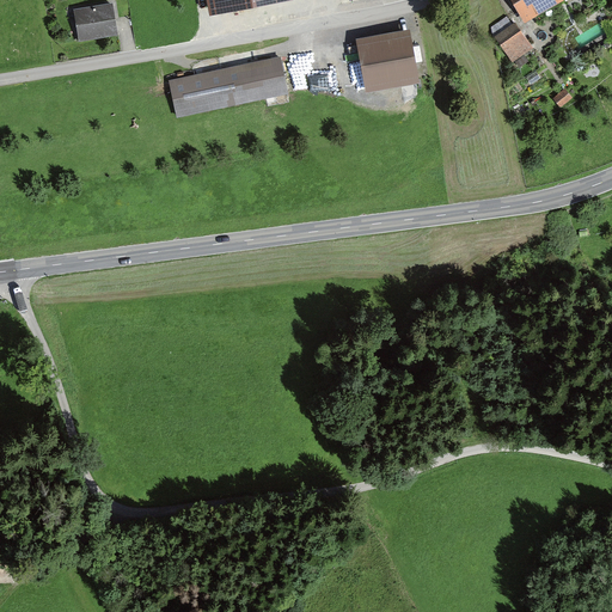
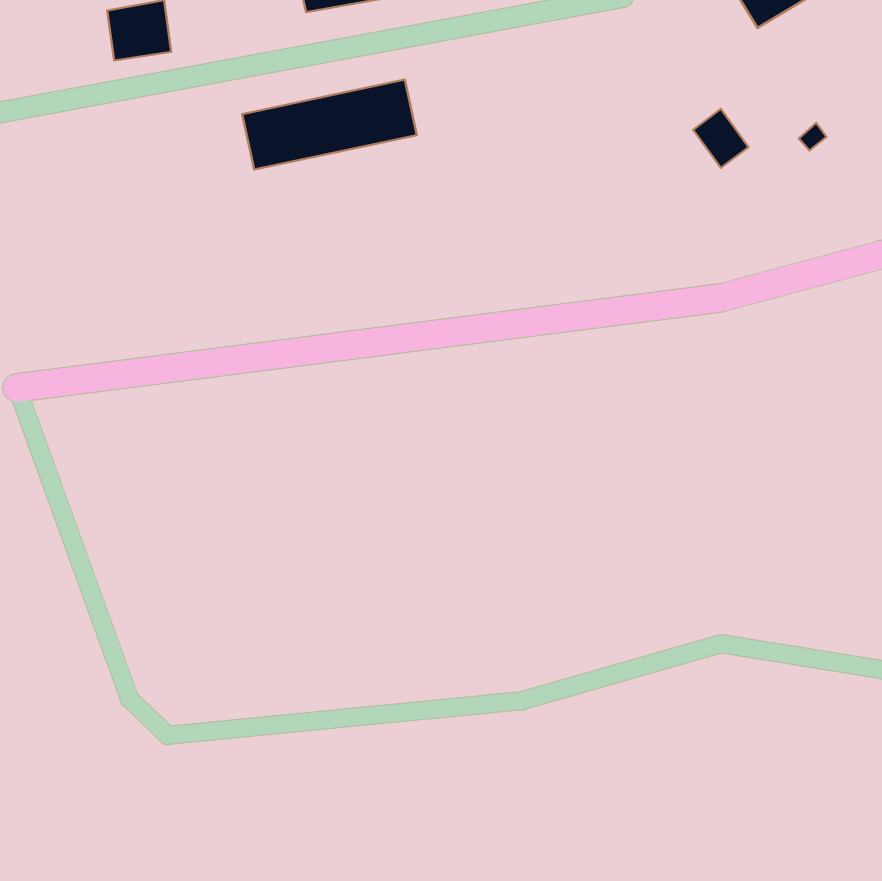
building: [494,20,532,61] -> [693,109,748,168]
building: [355,30,418,93] -> none

